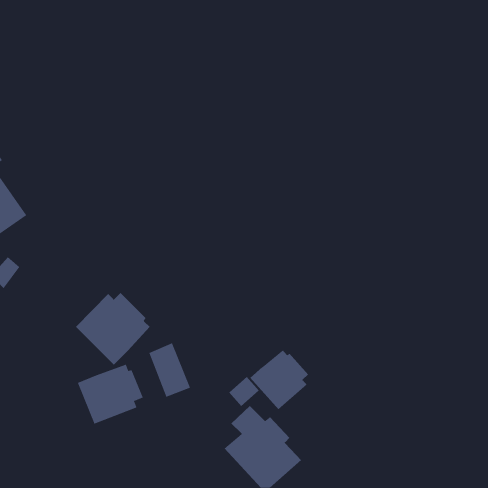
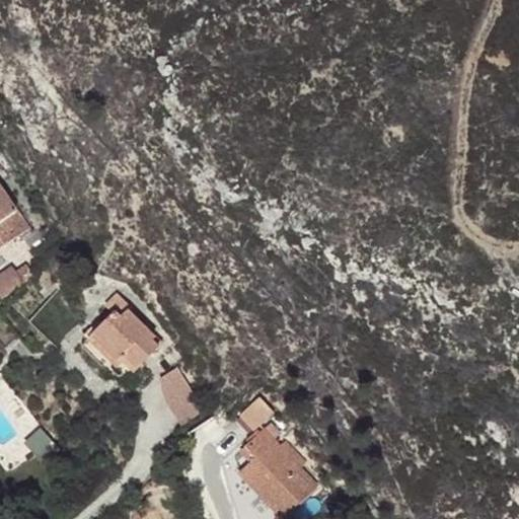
building: [249,350,309,410] -> none
building: [77,364,143,425] -> none

